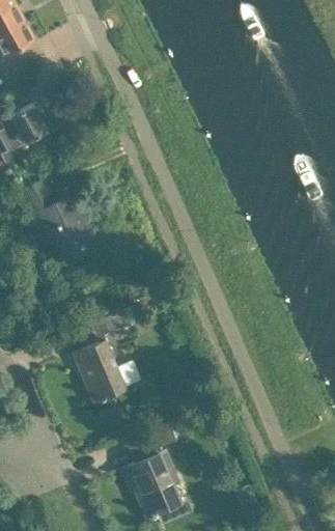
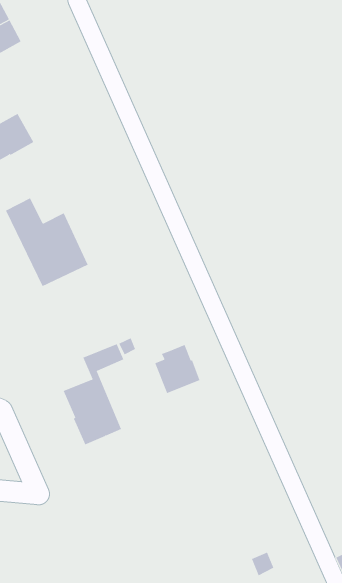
building: none -> [154,344,200,394]
building: [121,425,180,516] -> none

